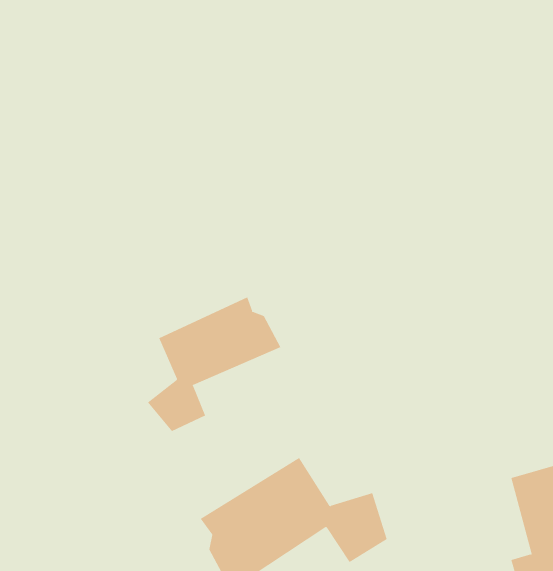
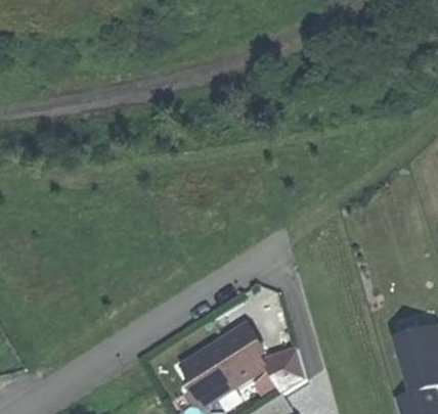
building: [147,297,281,432] -> none

